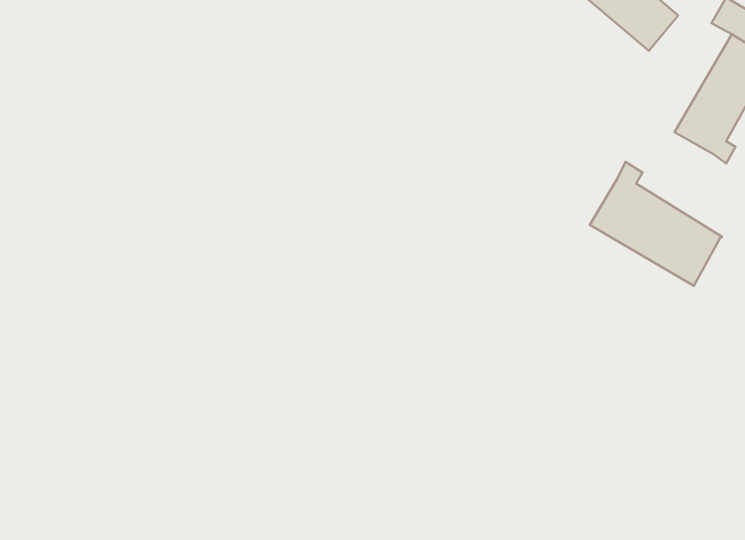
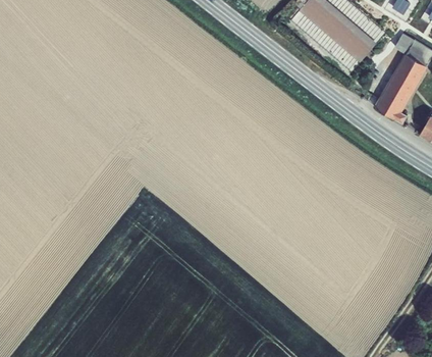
building: [590,162,722,286] -> none

